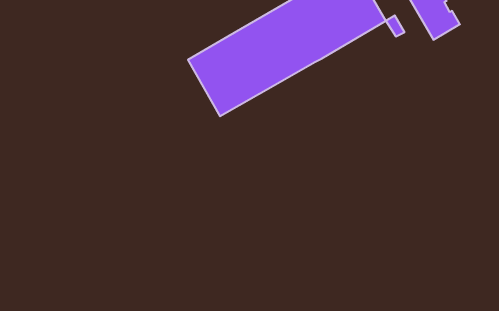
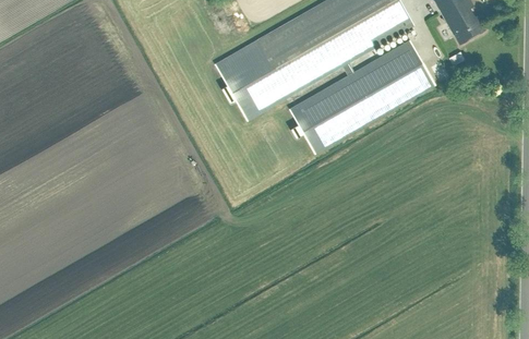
building: none -> [290,39,434,152]

